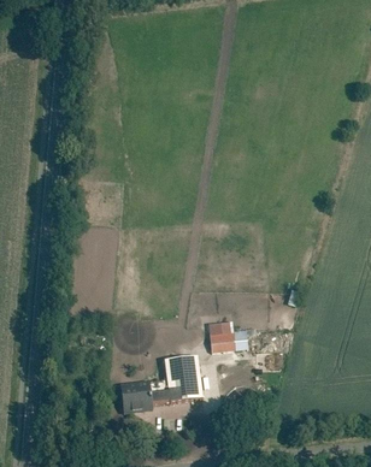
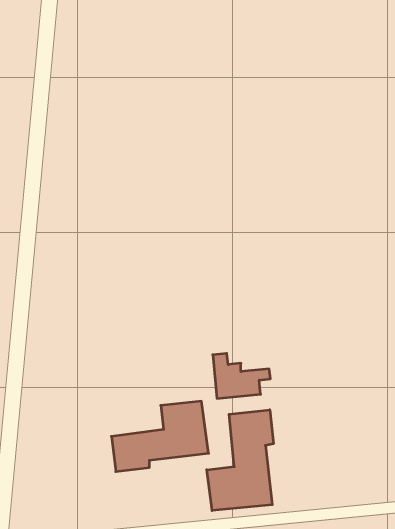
building: none -> [207,410,273,511]

